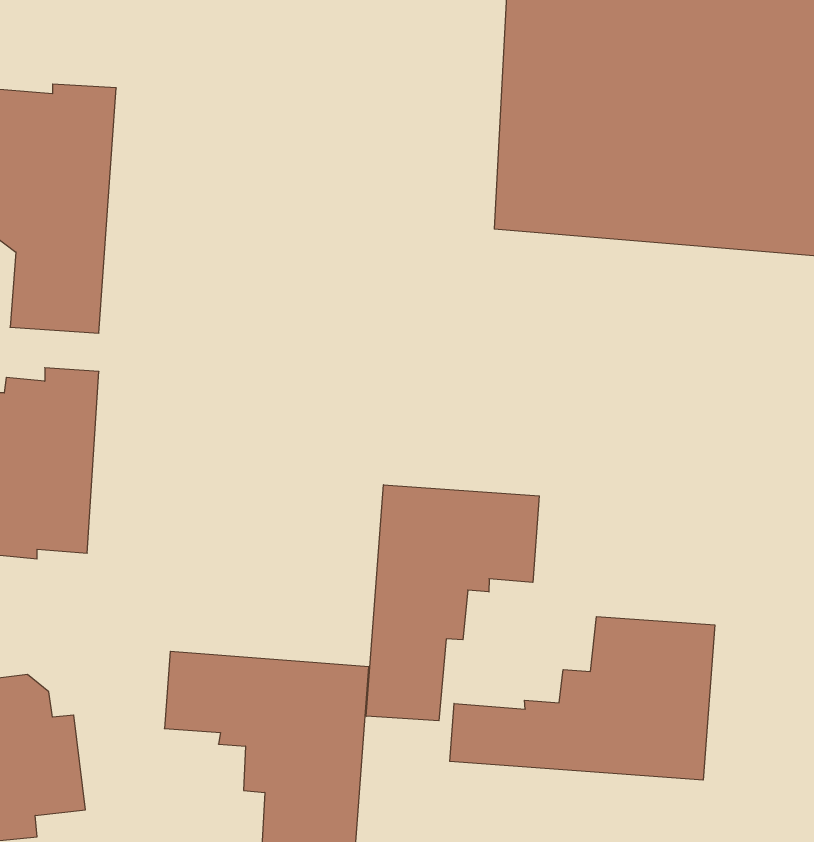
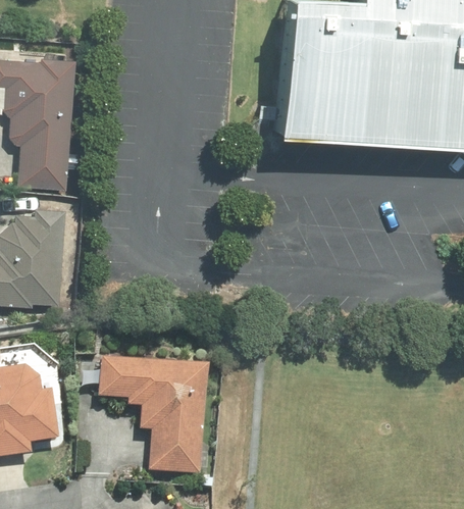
building: [366,485,539,721] -> none
building: [450,617,715,780] -> none

